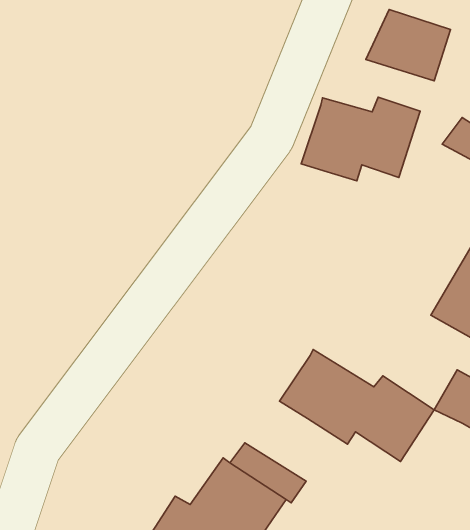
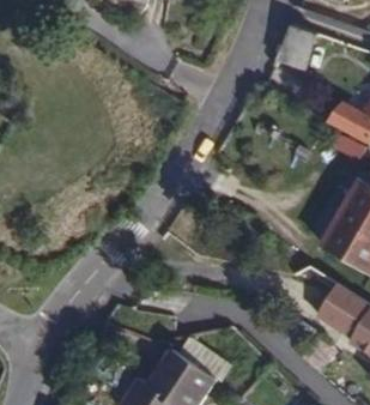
building: [301,97,420,181] -> none
building: [280,349,434,461] -> none

